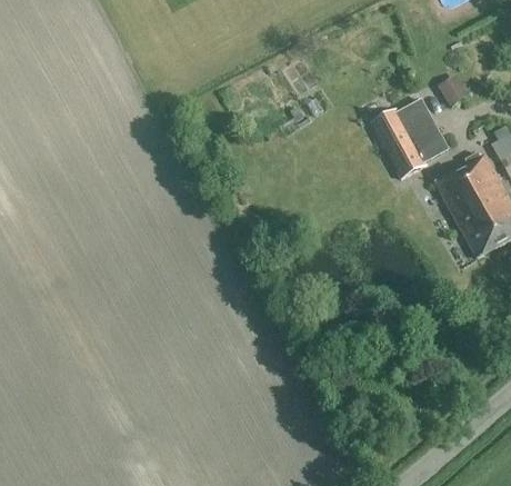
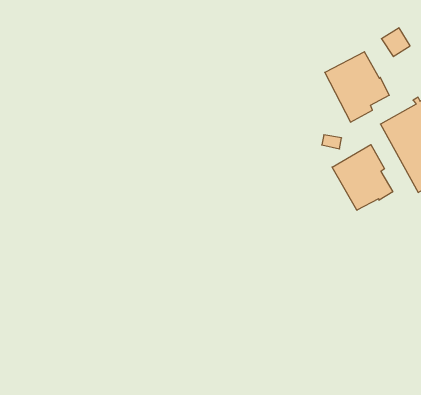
building: none -> [332,145,393,210]

